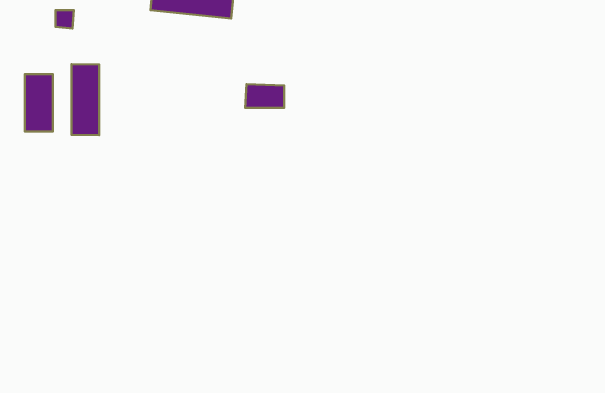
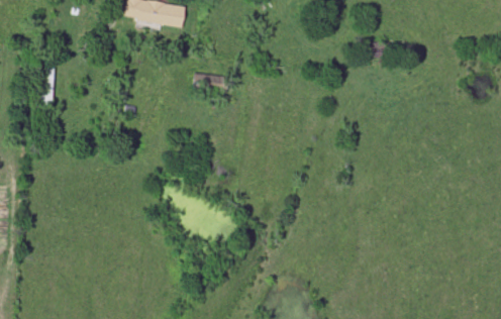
building: [71,64,99,135] -> none

